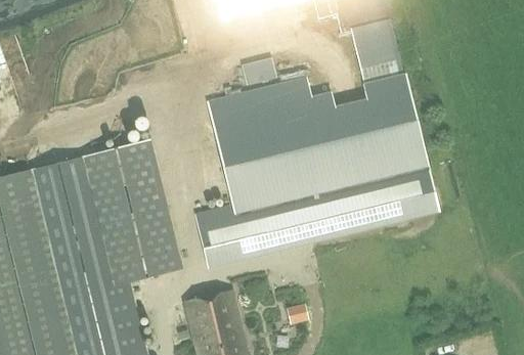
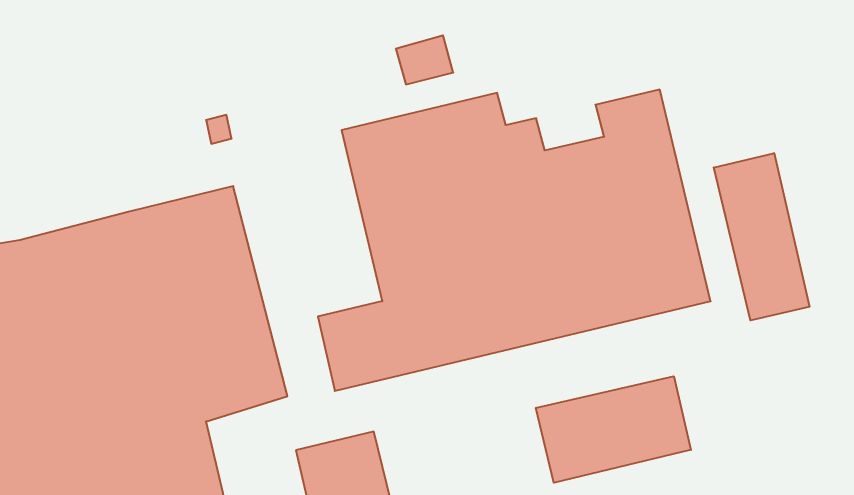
building: none -> [714,153,810,320]
building: none -> [536,376,691,483]

